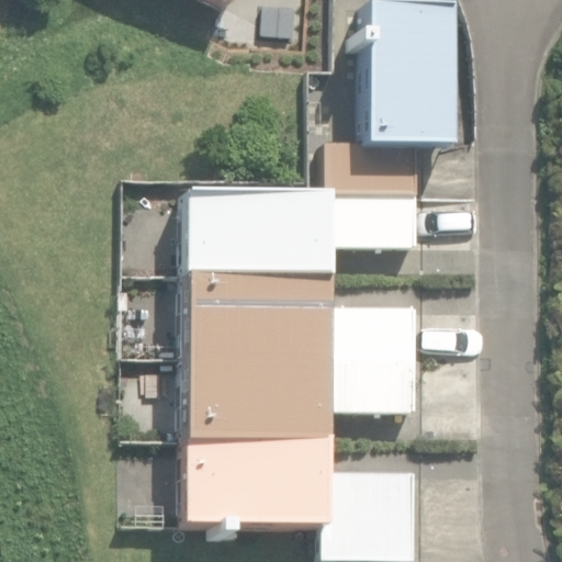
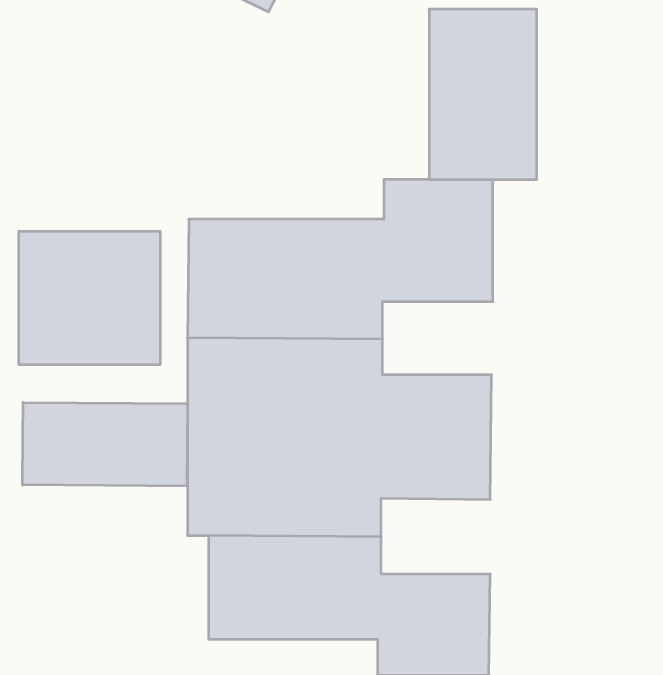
building: none -> [19,231,160,365]
building: none -> [23,402,187,486]

